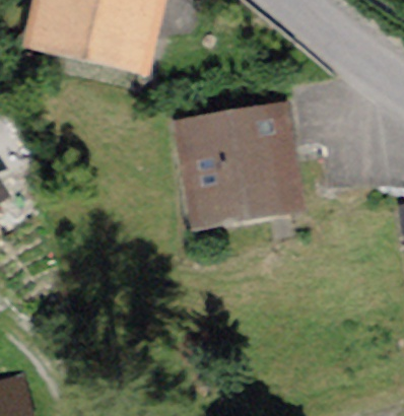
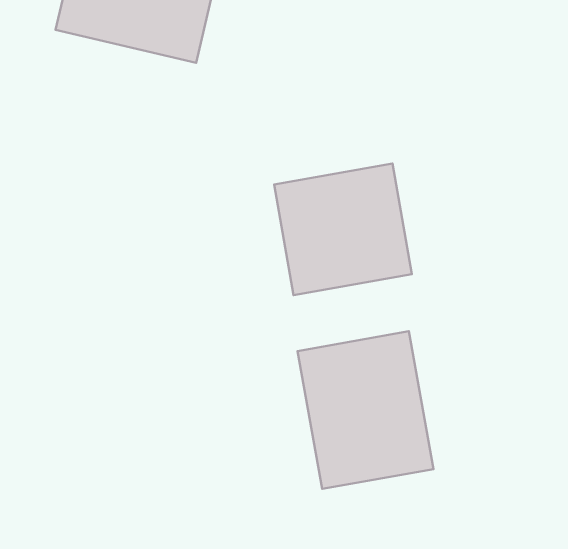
building: none -> [298,331,434,489]

